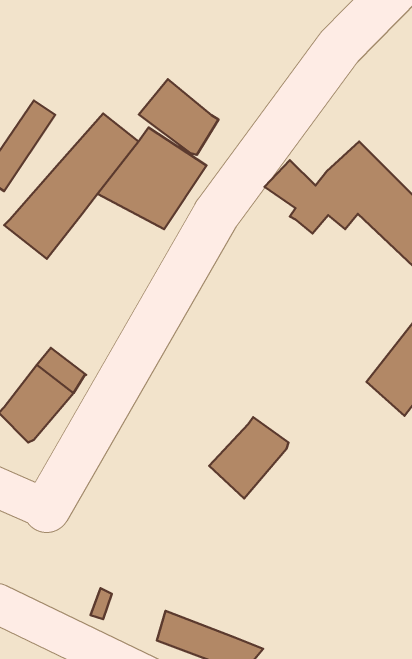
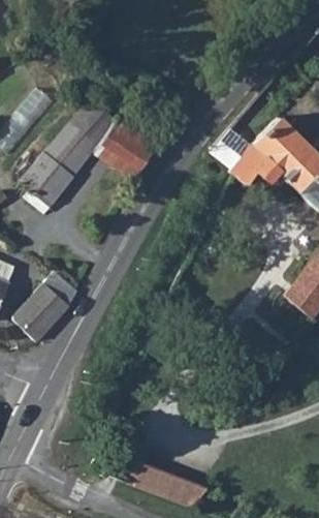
building: [139,79,219,155] -> none
building: [209,417,289,499] -> none

